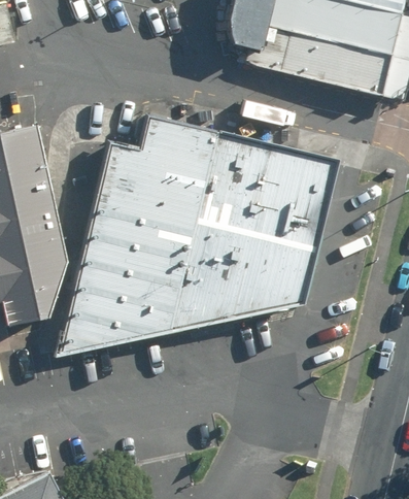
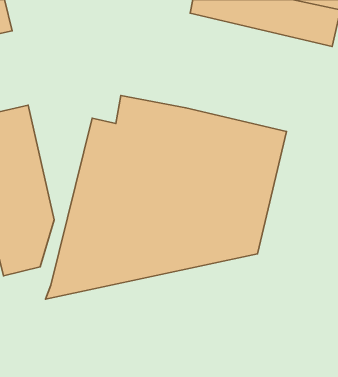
building: [227,18,394,97] -> none

